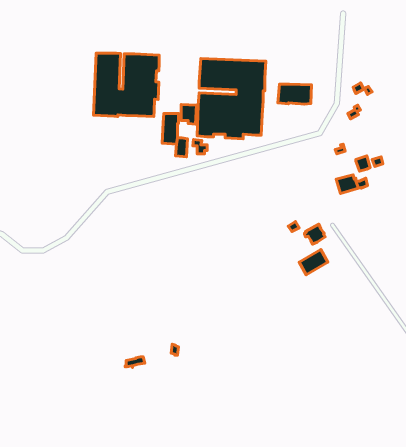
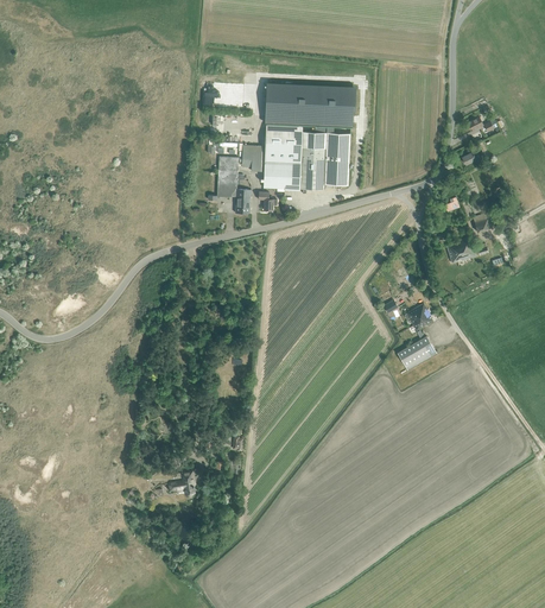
building: [94,53,159,117] -> none
building: [278,84,311,104] -> none

